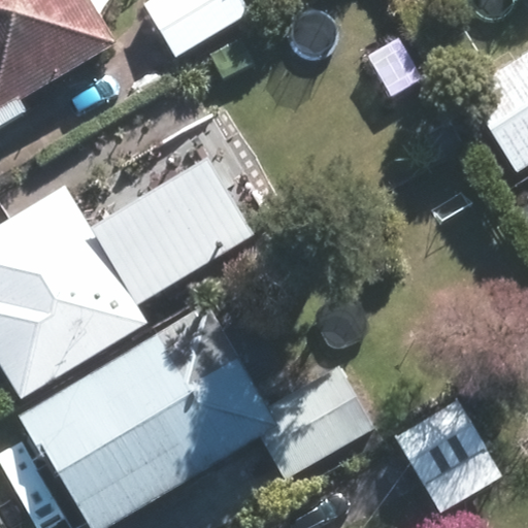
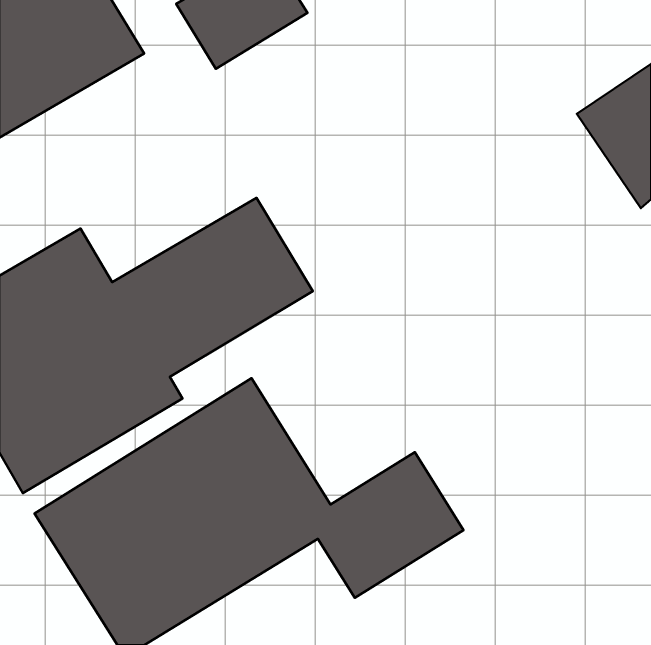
building: [392,396,501,510] -> none

